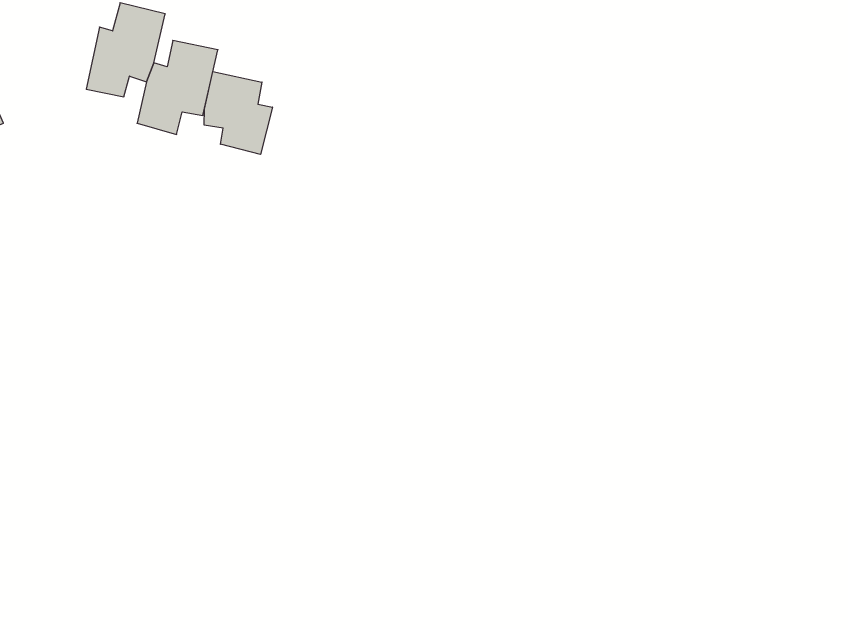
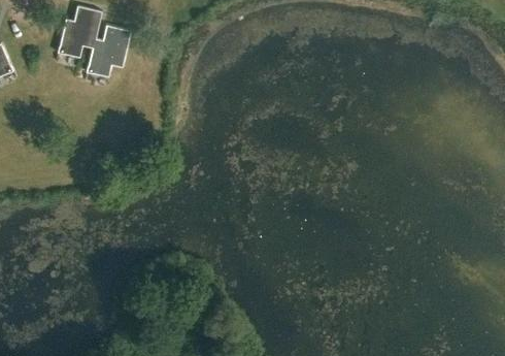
building: [204,72,272,154] -> none

